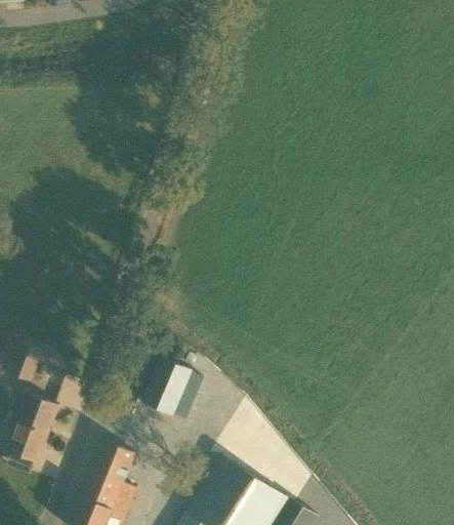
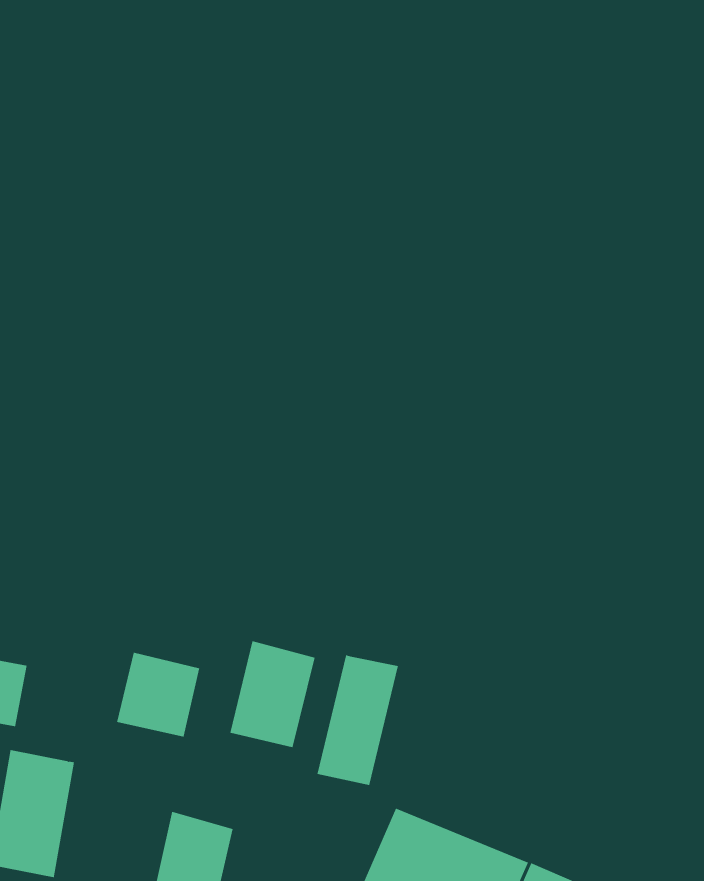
building: none -> [117,652,200,737]
building: none -> [317,655,398,786]

